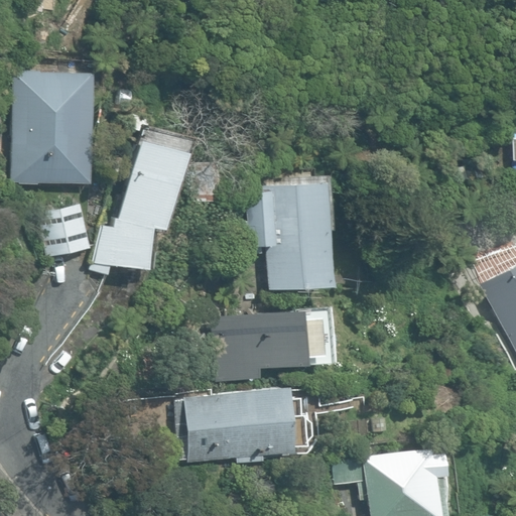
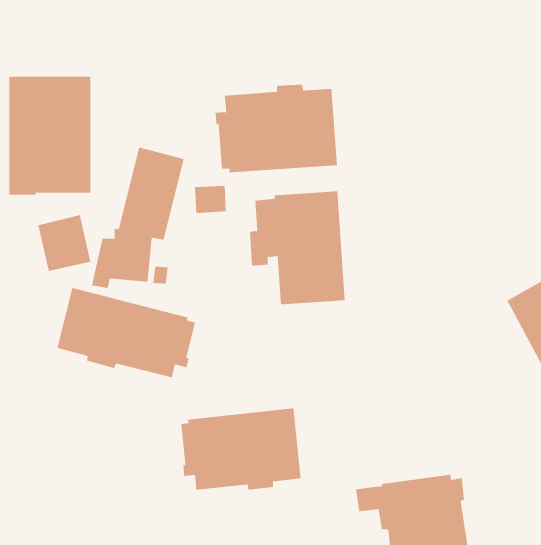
building: none -> [215,84,337,173]
building: none -> [57,287,196,378]
building: [212,305,331,383] -> none

